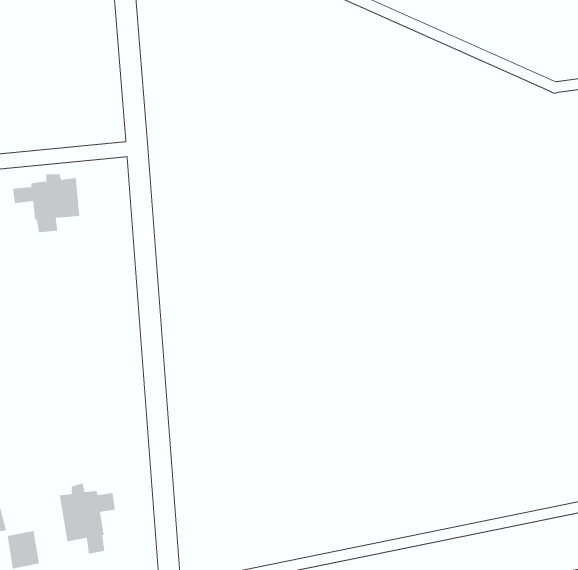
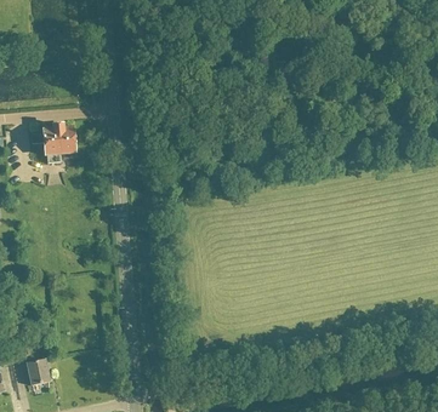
building: [59,483,115,554] -> none

